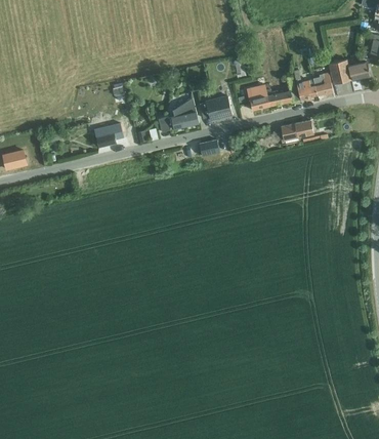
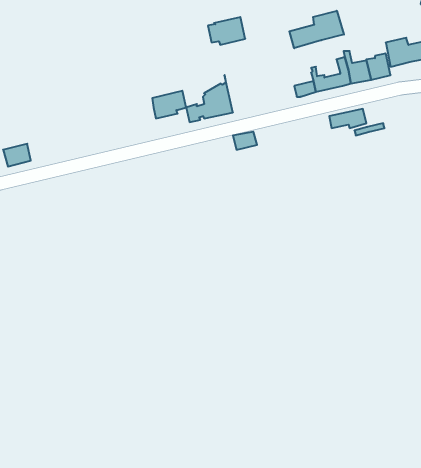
building: none -> [289,11,344,48]
building: [200,95,231,119] -> [208,17,245,45]
building: [95,123,124,147] -> [152,91,186,118]

